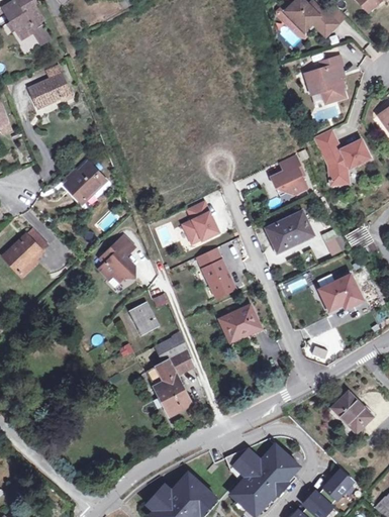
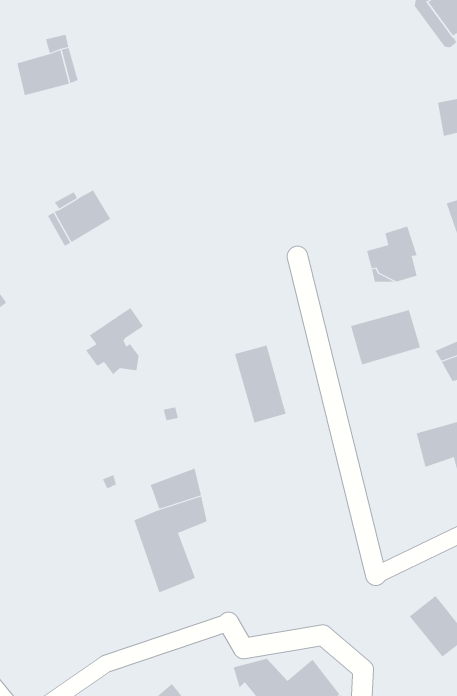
building: [183,201,218,242] -> none
building: [132,303,159,333] -> none
building: [218,305,256,342] -> none

